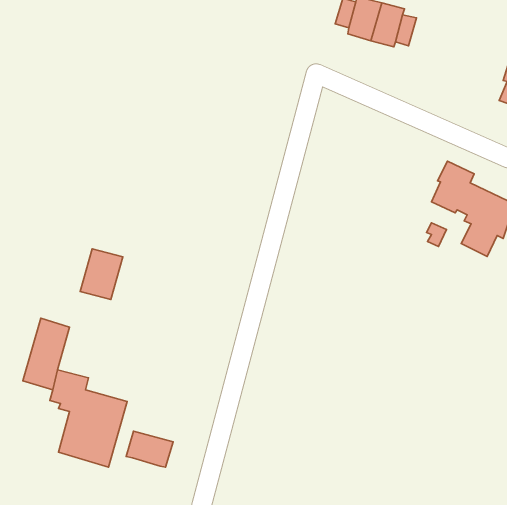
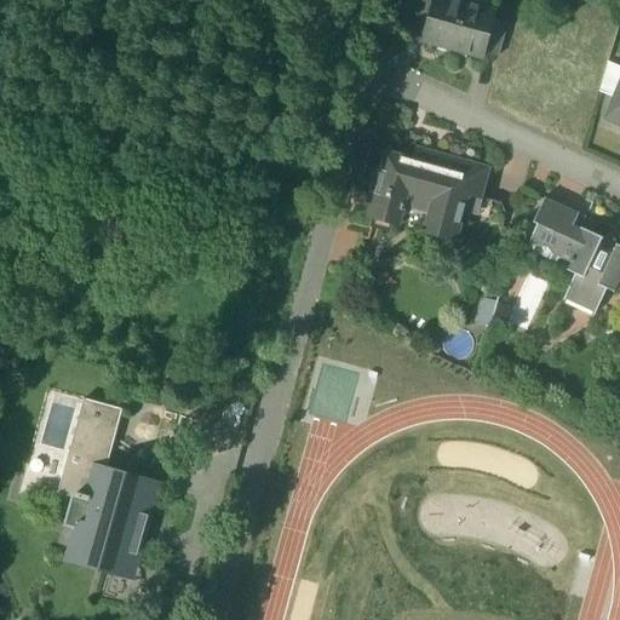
building: none -> [360,149,488,241]
building: [80,249,123,299] -> [71,398,124,460]
building: [126,431,173,467] -> none

